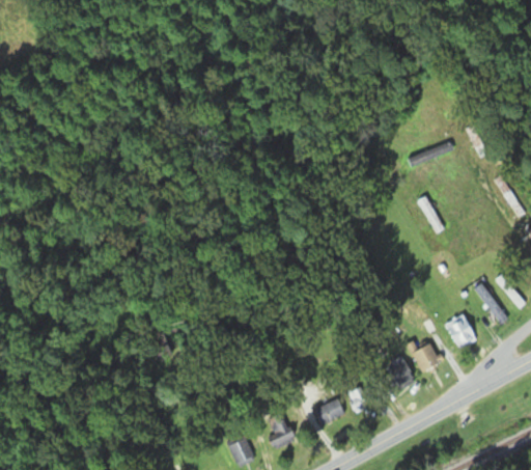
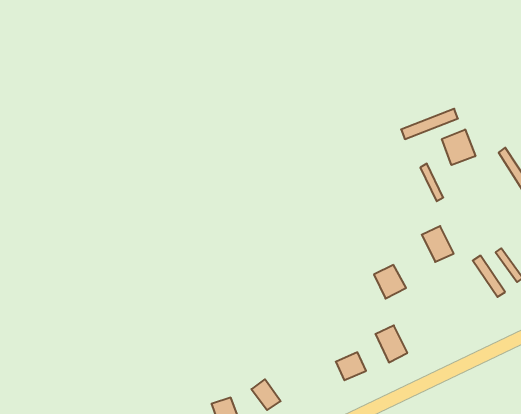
building: none -> [442,129,475,165]
building: [445,313,477,349] -> [422,226,454,262]
building: [410,339,442,372] -> [374,265,406,299]
building: [313,397,345,426] -> none

